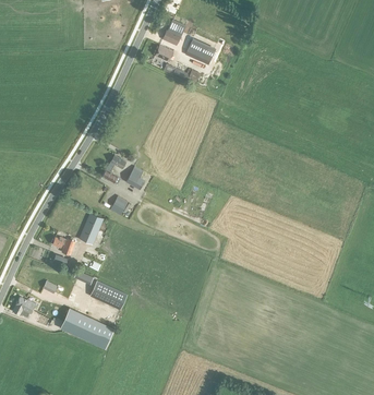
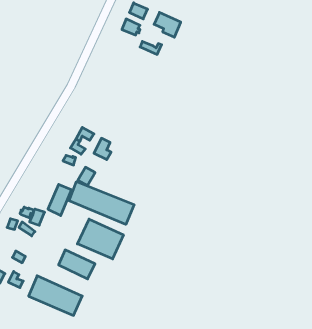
building: none -> [69,182,134,224]
building: none -> [77,219,123,259]

